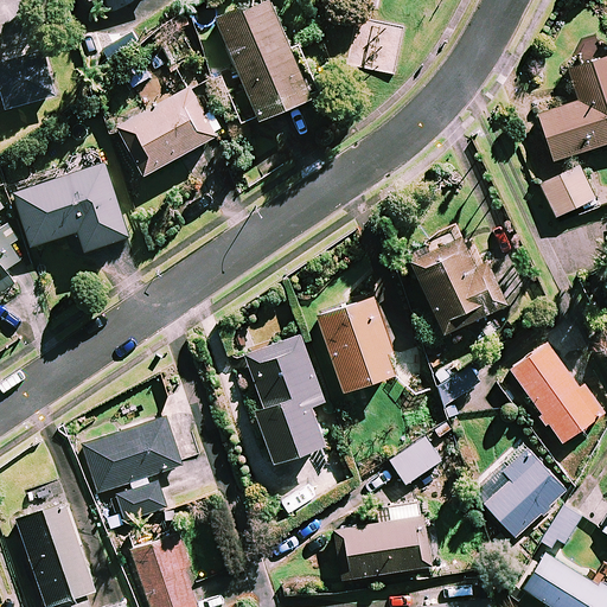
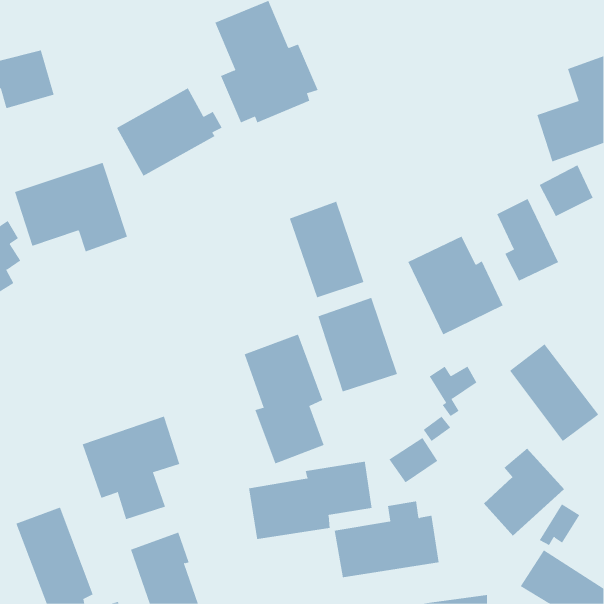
building: none -> [496,198,559,282]
building: none -> [289,201,364,298]
building: none -> [249,461,372,540]

